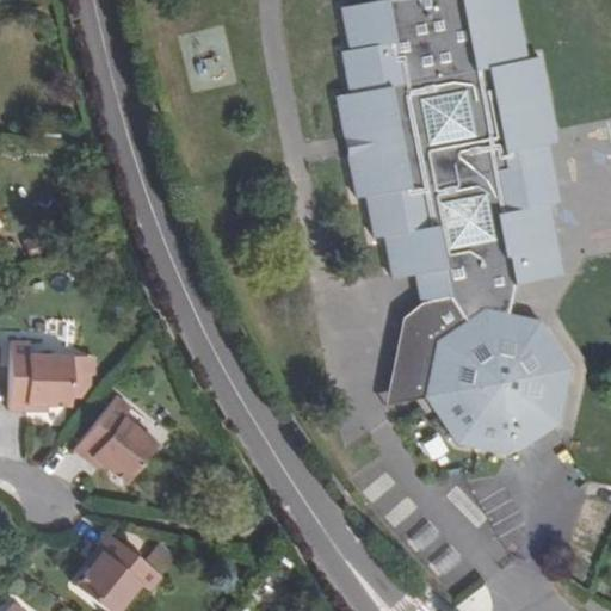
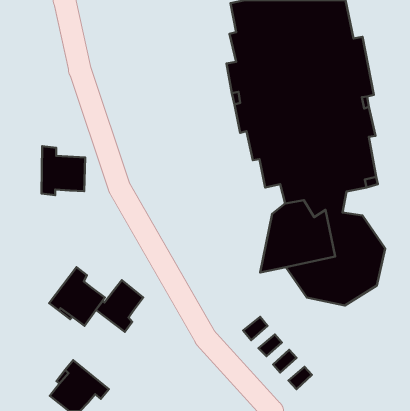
building: [10,337,74,409] -> [42,146,85,195]
building: none -> [96,280,143,332]

